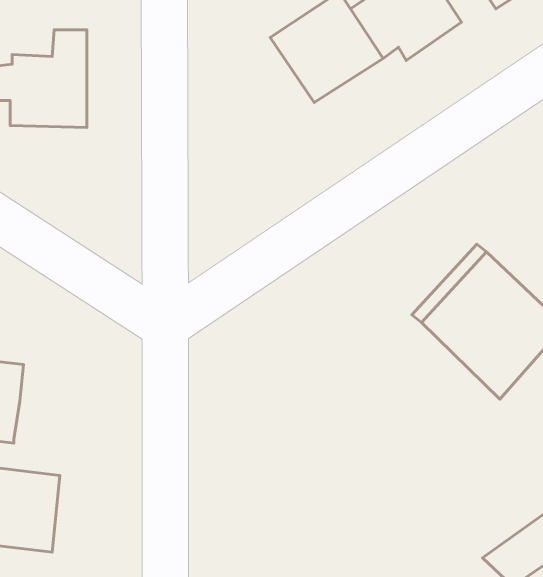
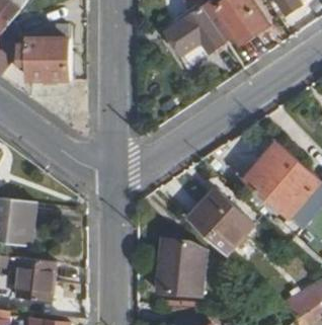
building: none -> [190,192,252,254]
building: none -> [160,243,203,297]

